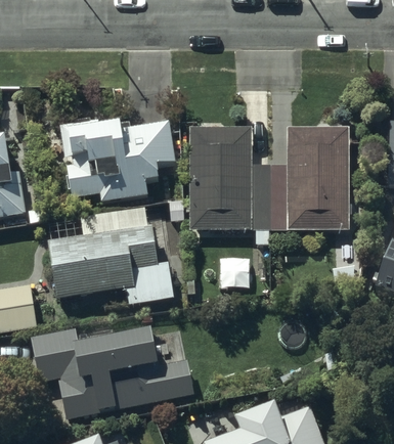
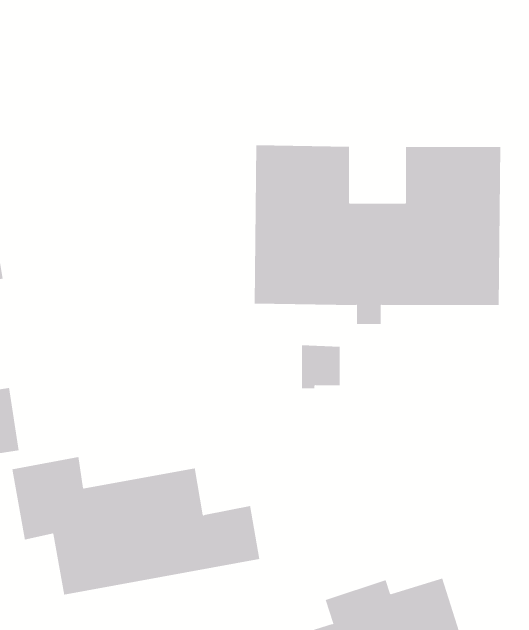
building: [60,107,175,202] -> none
building: [48,208,174,304] -> none

